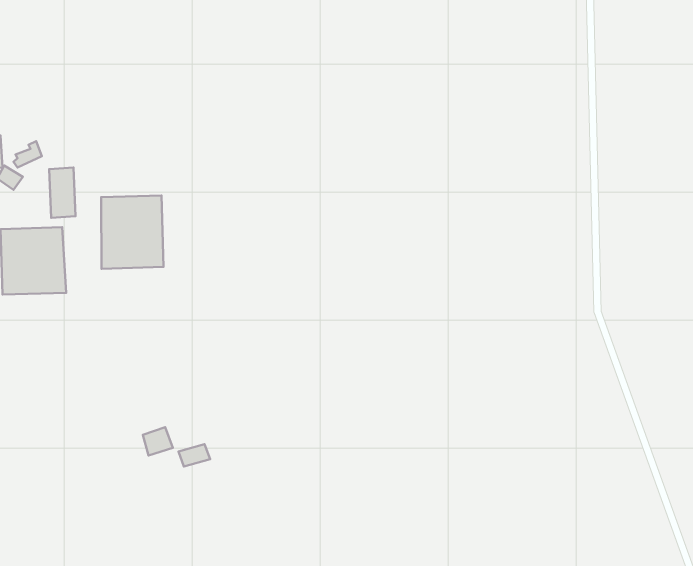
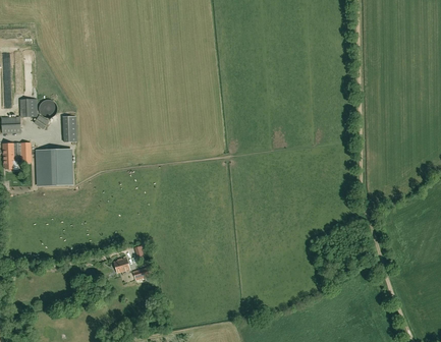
building: [101,195,164,269] -> none

